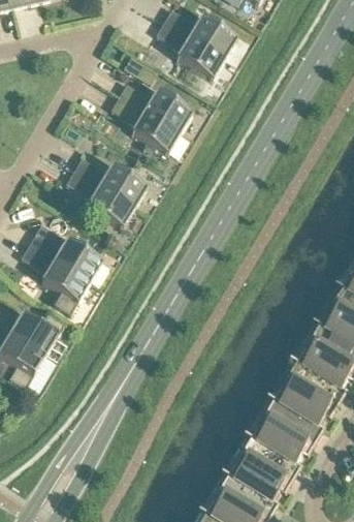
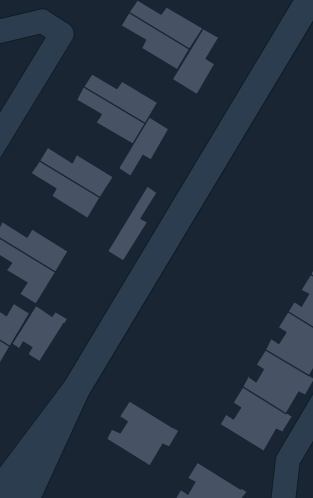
building: none -> [172,29,219,95]
building: none -> [118,117,169,177]
building: none -> [107,186,157,261]
building: none -> [12,306,68,362]
building: [229,433,302,498] -> [106,401,180,466]

